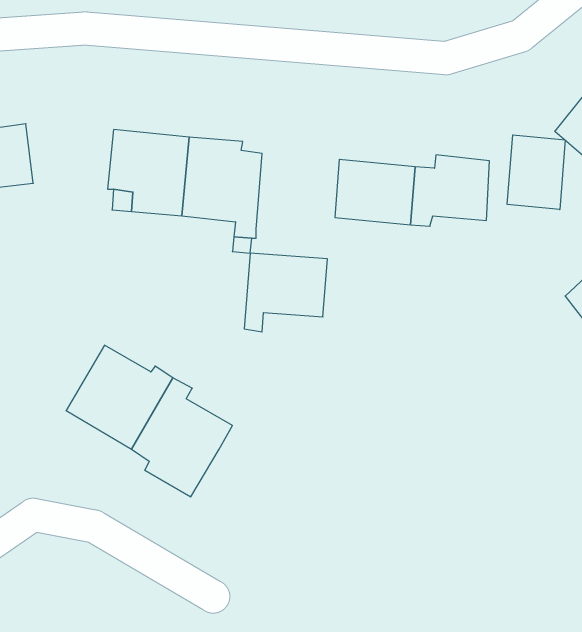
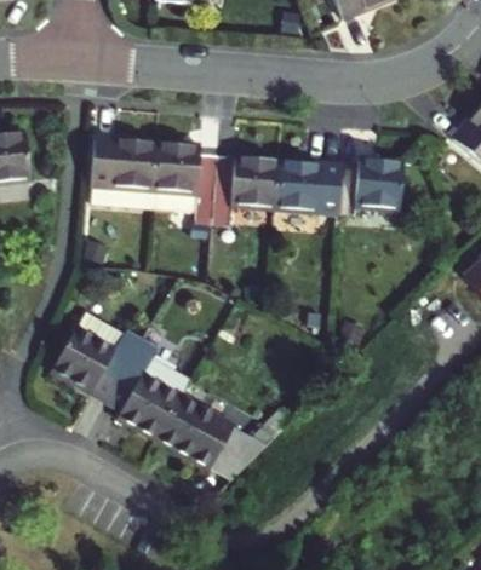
building: [507,135,565,210] -> none
building: [244,253,327,332] -> [210,155,277,219]
building: none -> [156,396,268,479]

